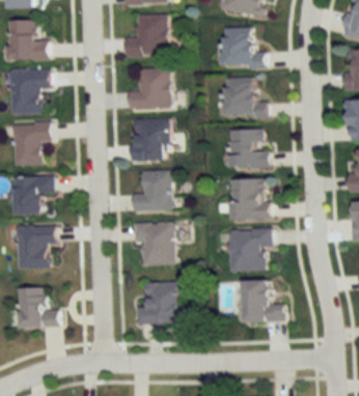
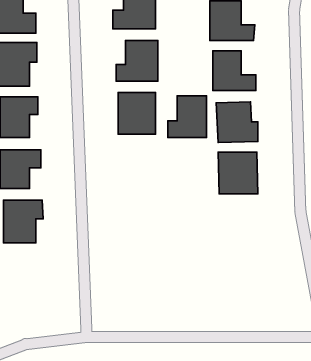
building: [132,170,170,211] -> [168,96,206,138]
building: [135,222,174,266] -> none
building: [228,229,272,273] -> none
building: [242,280,283,322] -> none
building: [135,282,178,324] -> none
building: [18,287,59,328] -> none

